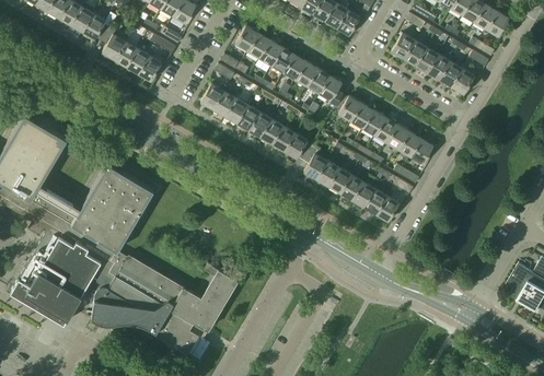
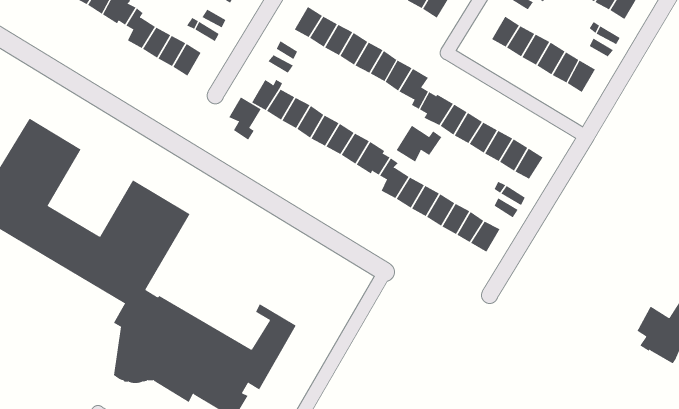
building: none -> [228,97,262,140]
building: none -> [396,125,442,163]
building: [11,231,101,325] -> none

